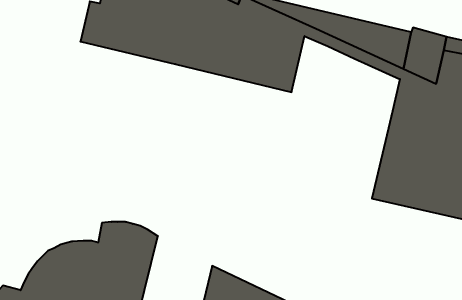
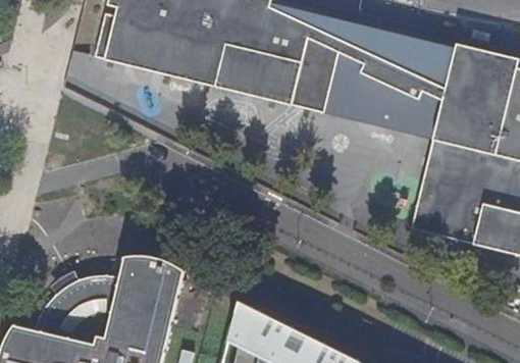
building: none -> [325,52,444,139]

